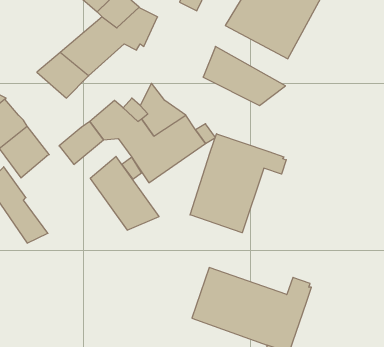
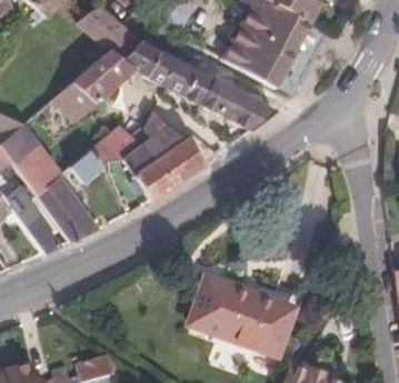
building: none -> [147,50,211,104]
building: [190,134,286,233] -> none
building: [90,156,159,230] -> [36,175,98,242]

